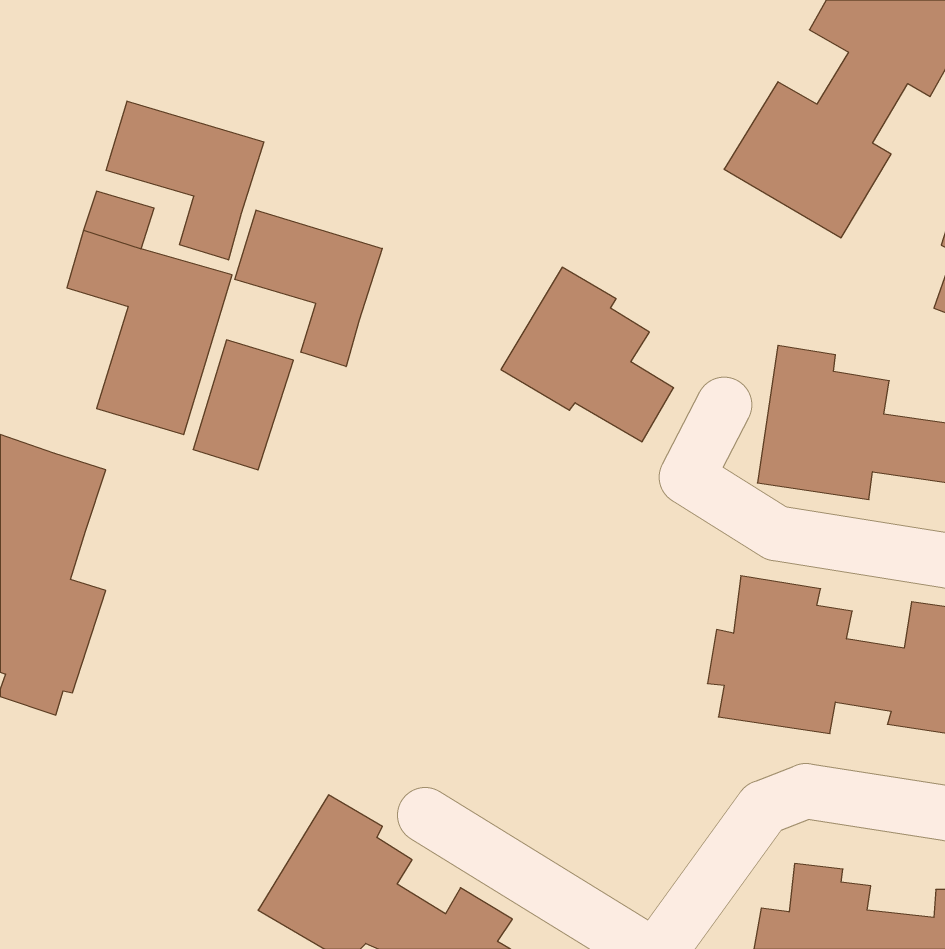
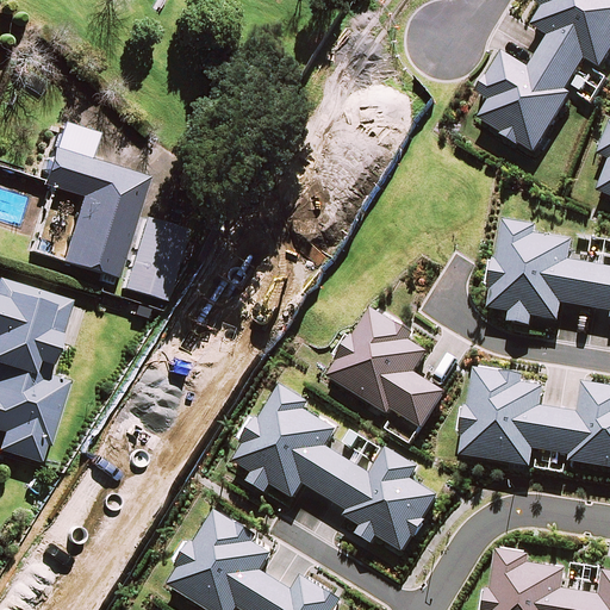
building: [106,101,264,260] -> none
building: [235,210,382,367] -> none
building: [501,267,674,442] -> [328,310,438,422]
building: none -> [230,384,431,560]

